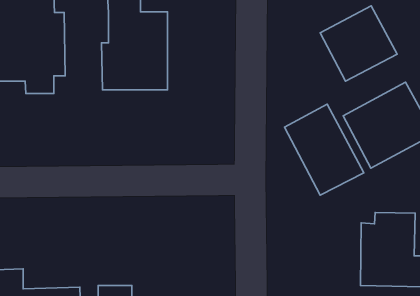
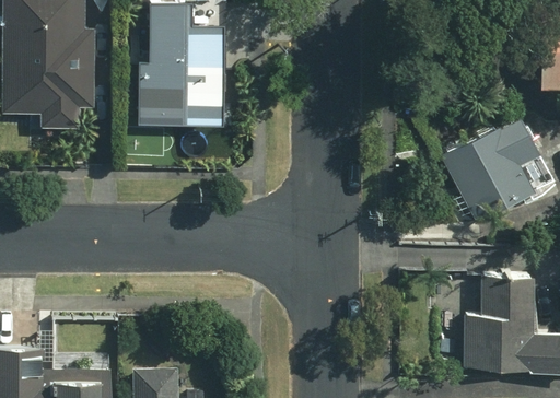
building: [320,6,397,81] -> none
building: [284,104,364,195] -> none

